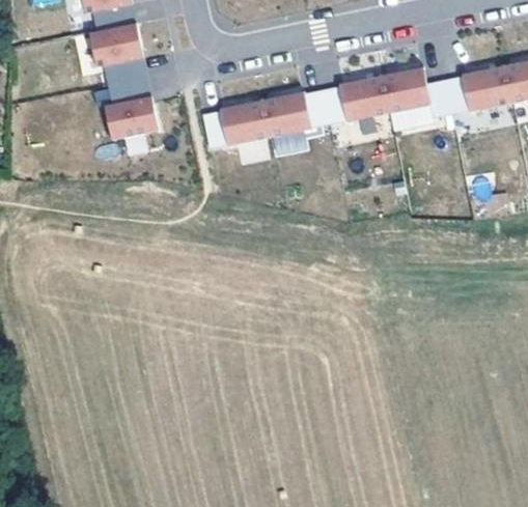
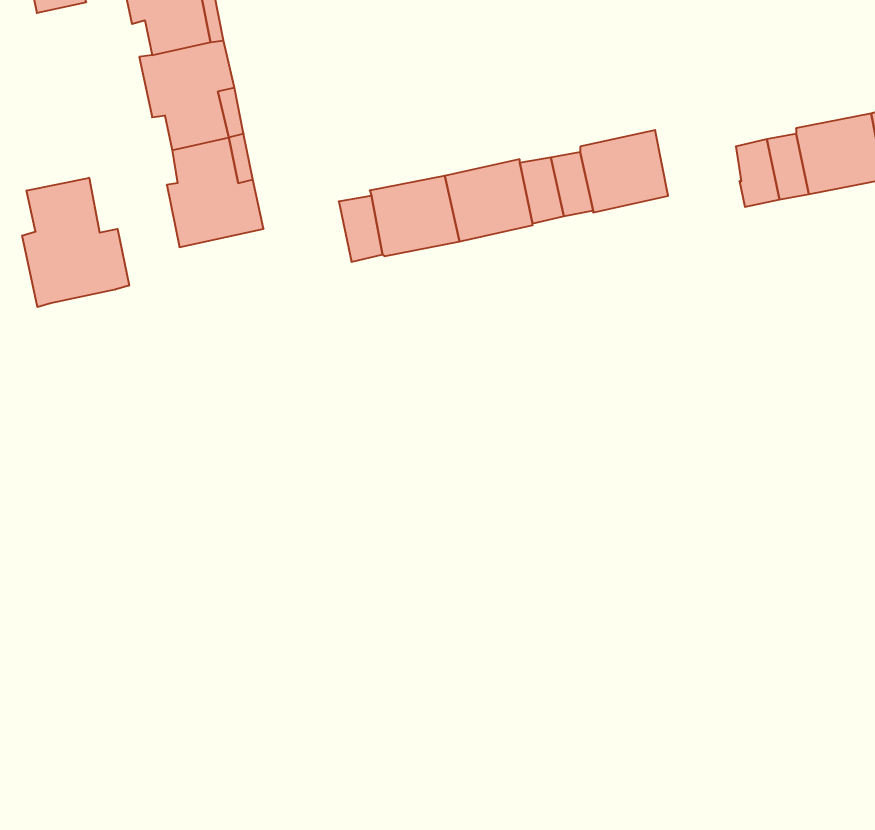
building: [381,66,429,112] -> none
building: none -> [22,178,129,307]

